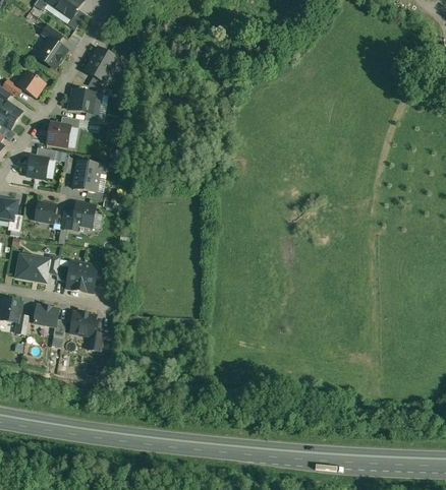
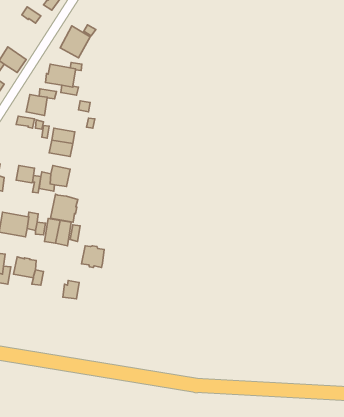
building: [36,39,66,68] -> none
building: [26,156,48,179] -> none
building: none -> [51,194,78,222]
building: [69,311,95,335] -> [81,246,104,268]

